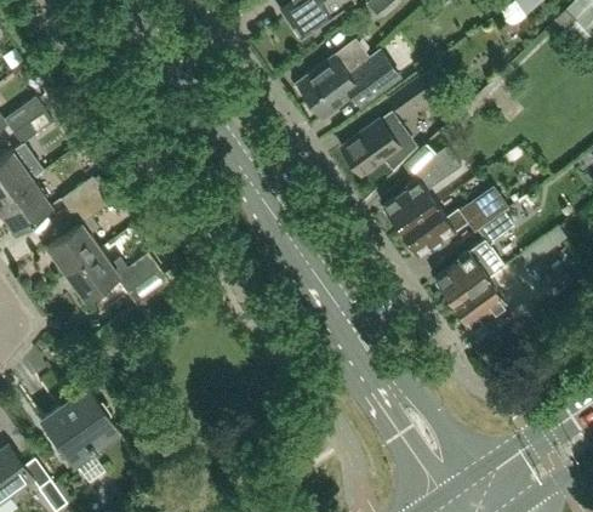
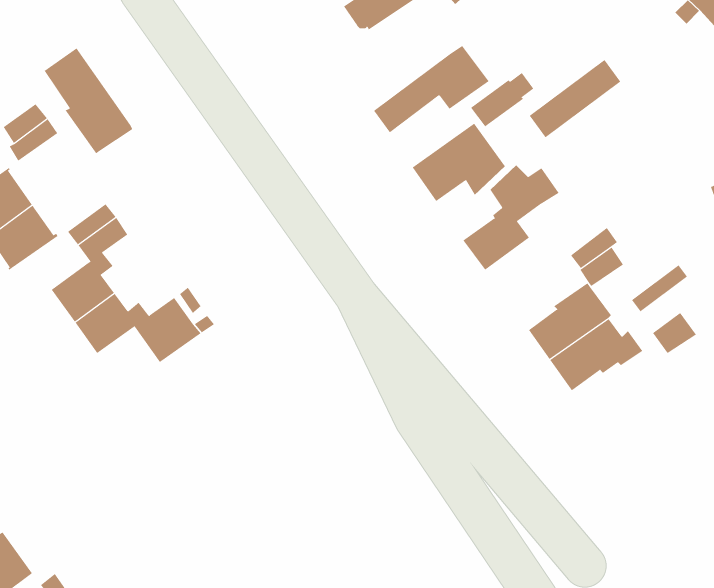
building: [296,38,371,102] -> [529,59,621,138]
building: none -> [44,48,133,154]
building: [400,205,468,256] -> none
building: [44,389,120,466] -> none

